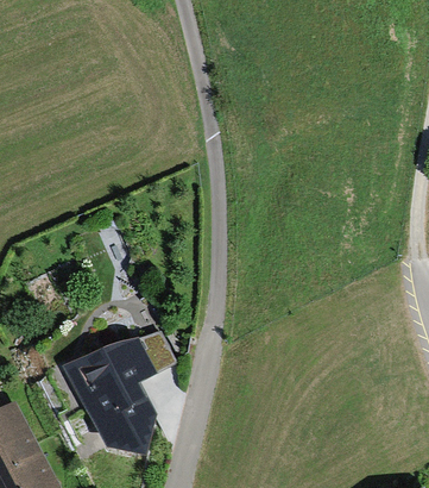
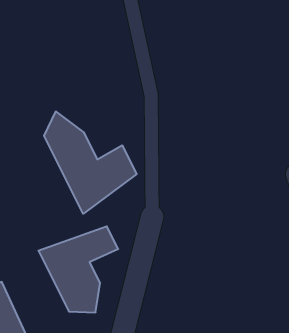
building: none -> [44,111,137,214]

